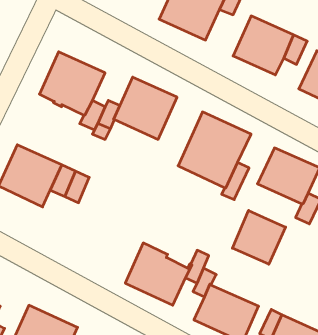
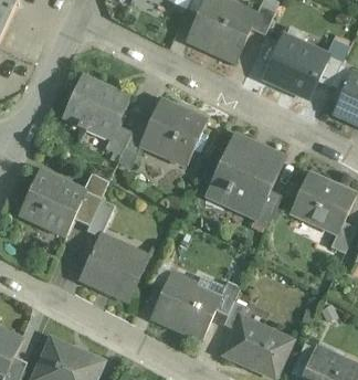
building: none -> [80,235,147,299]
building: [232,210,286,264] -> none

